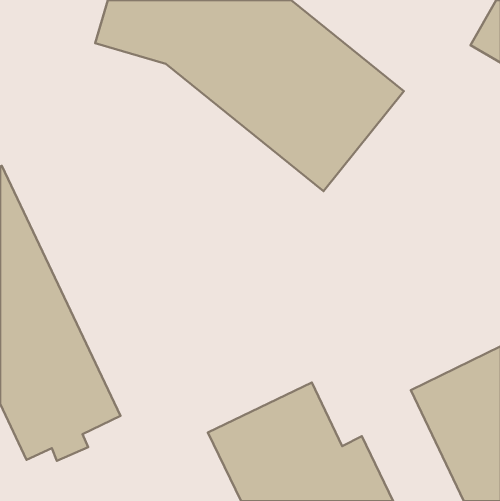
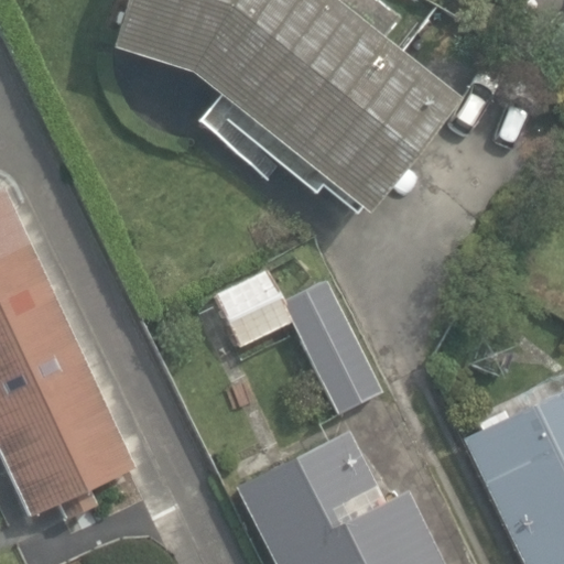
building: none -> [216,268,383,415]

